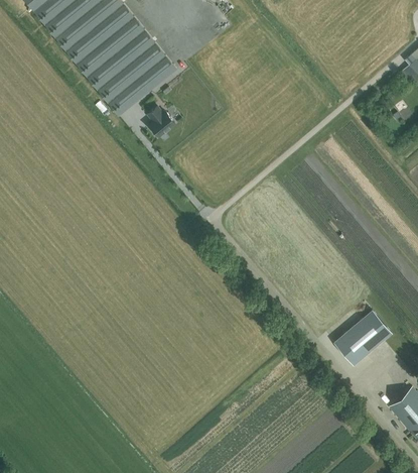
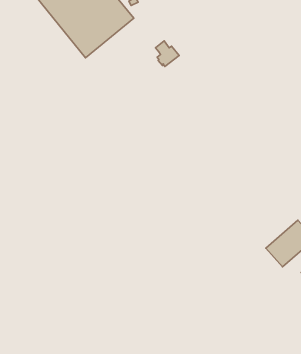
building: [147,105,175,135] -> [156,41,179,66]

